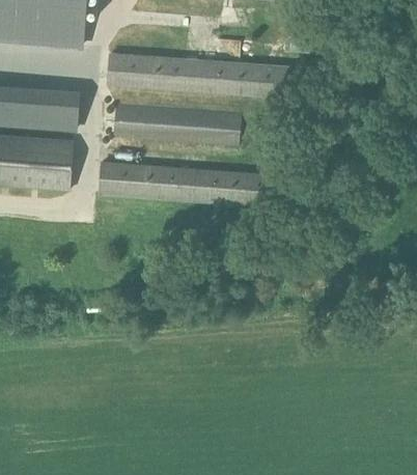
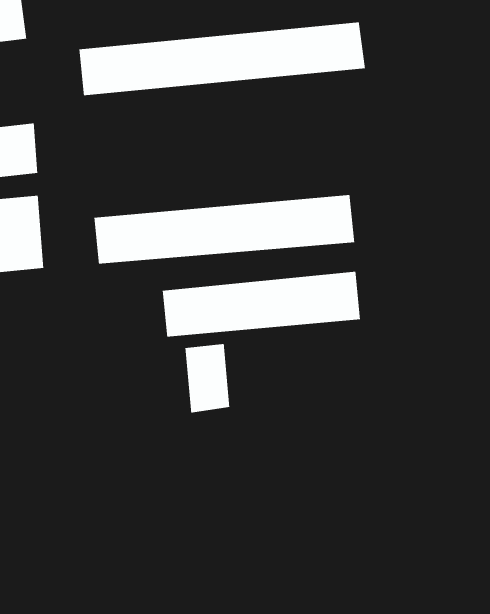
building: [114,106,240,145] -> [162,271,361,338]
building: none -> [184,343,230,413]

